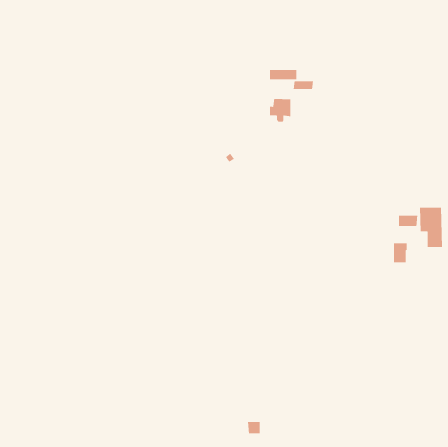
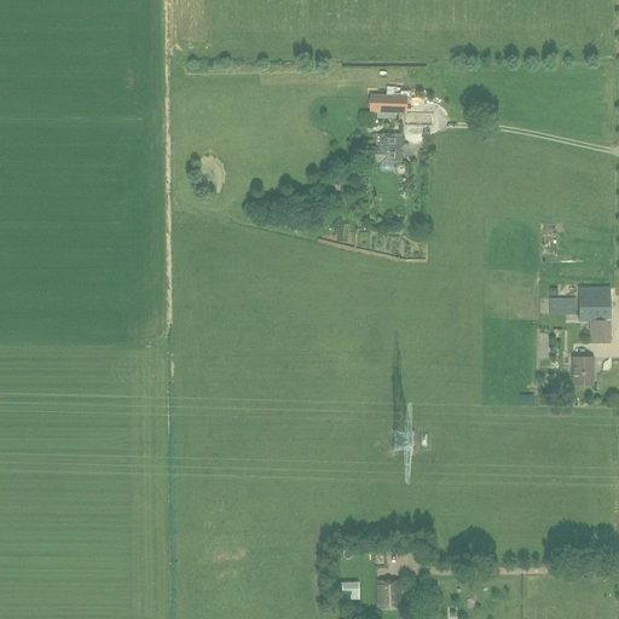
building: [393,243,407,263] -> [573,355,592,383]
building: none -> [377,579,399,607]

